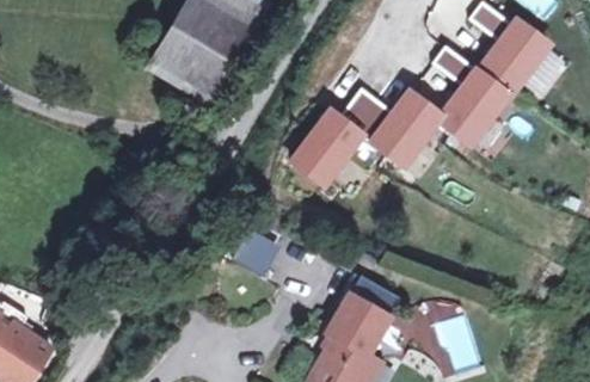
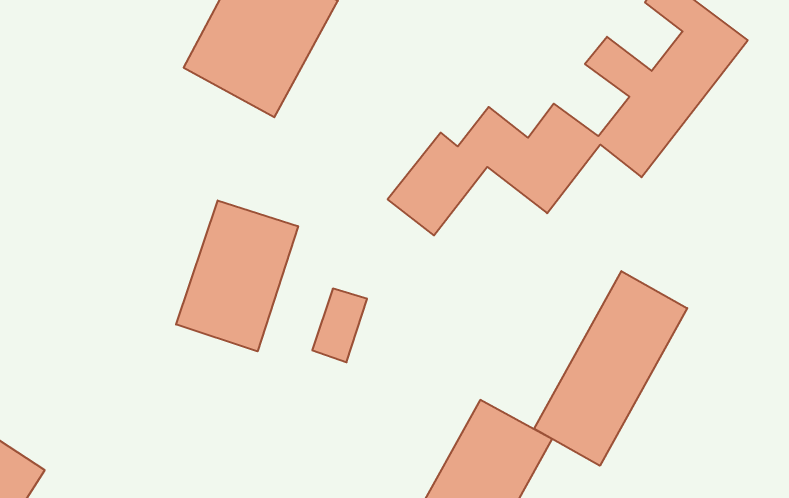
building: none -> [176,200,298,351]
building: none -> [534,271,687,466]

